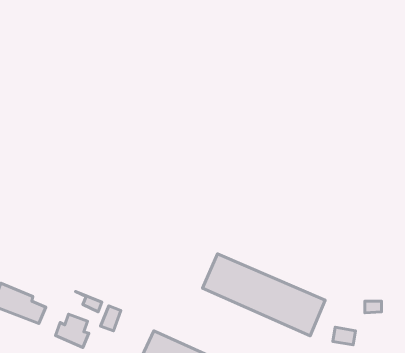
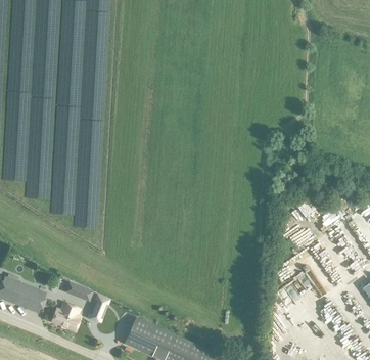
building: [202,254,325,336] -> none

